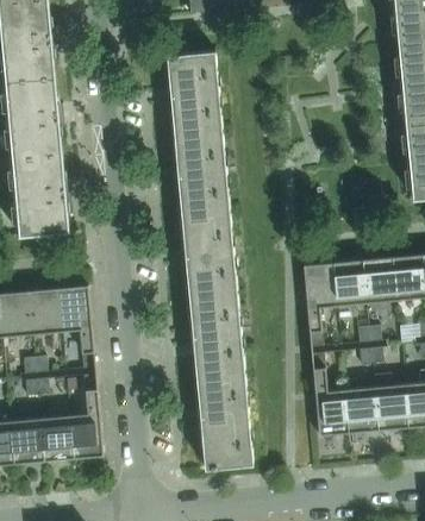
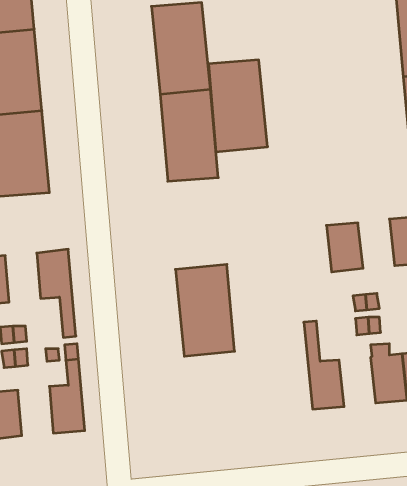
building: [182,216,238,303] -> [208,60,268,152]
building: [362,256,396,302] -> none
building: [302,262,337,346] -> none
building: [29,288,62,334] -> none
building: [198,381,254,469] -> none
building: [344,387,379,433] -> none
building: [40,414,74,460] -> none

